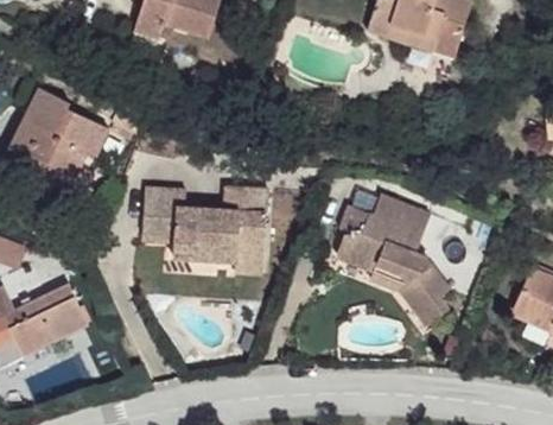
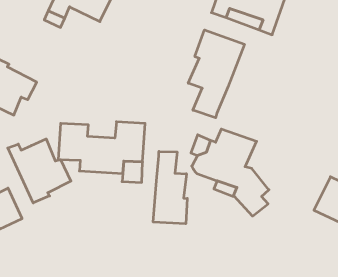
building: none -> [188,30,244,118]
building: none -> [8,139,71,203]
building: none -> [153,151,187,224]

